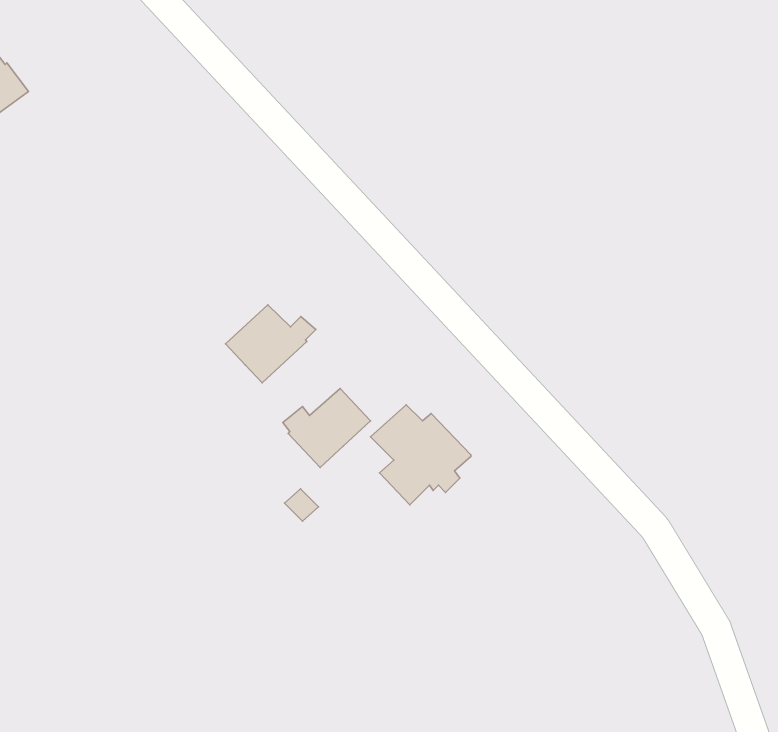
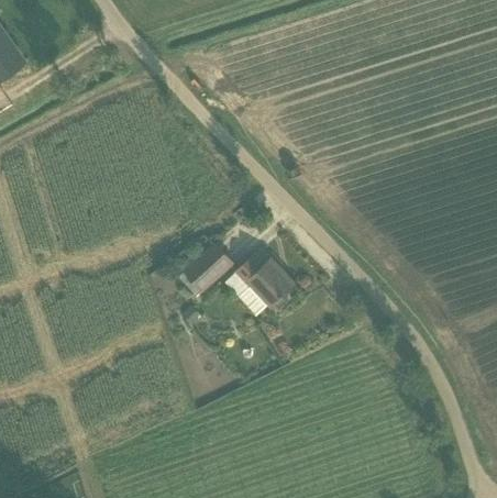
building: [226,305,316,383] -> none

